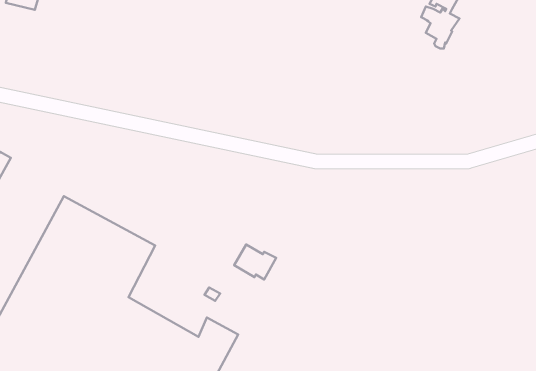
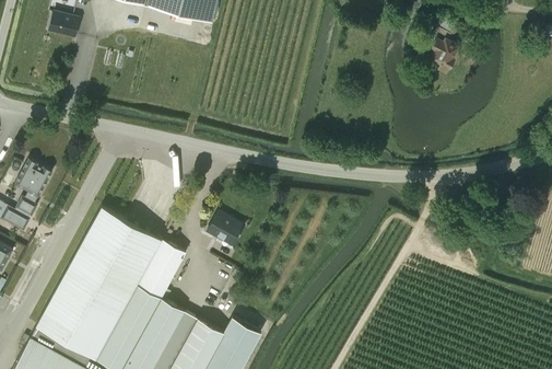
building: [234,245,276,279] -> [208,212,246,244]

